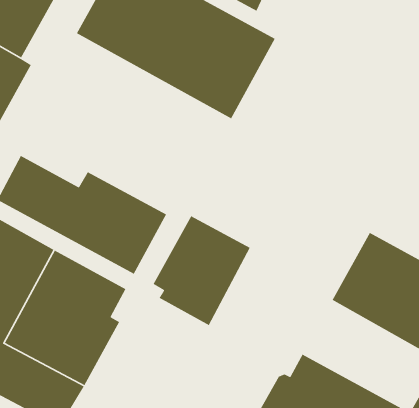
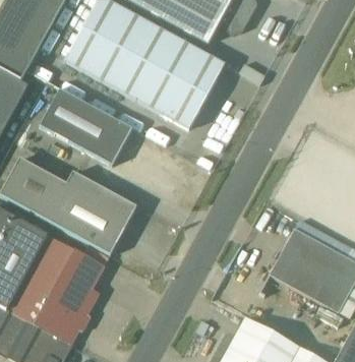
building: none -> [39,87,131,164]
building: [153,215,251,326] -> none

